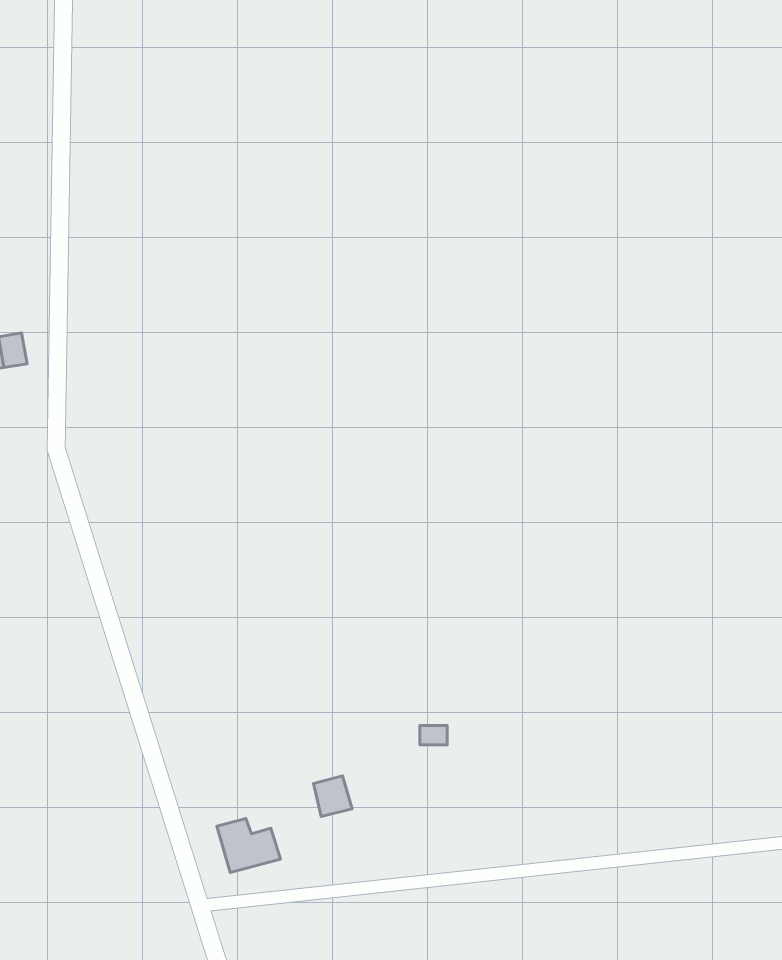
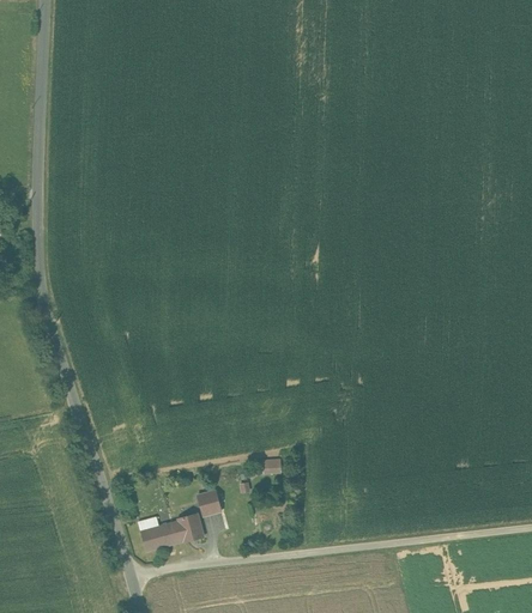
building: none -> [171,514,204,542]

